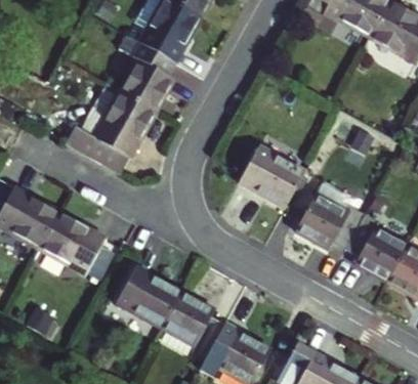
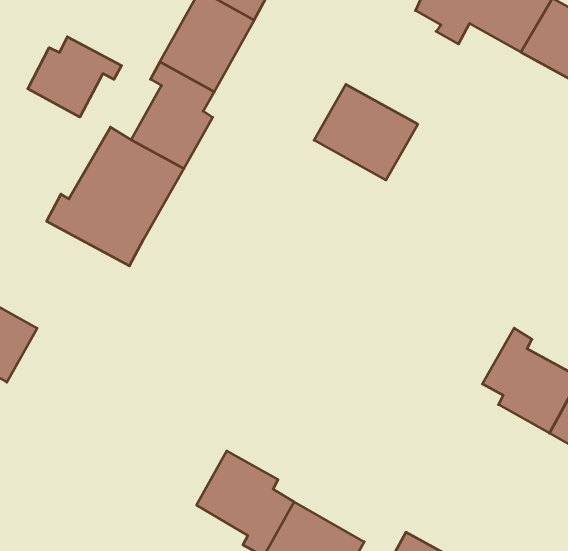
building: none -> [28,37,122,117]
building: [238,145,304,207] -> [314,84,418,180]
building: [296,195,366,249] -> none
building: [40,213,104,273] -> none
building: [117,267,181,327] -> none

